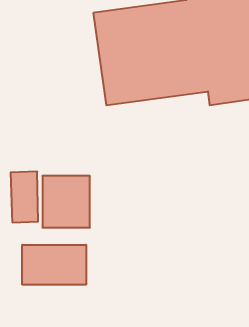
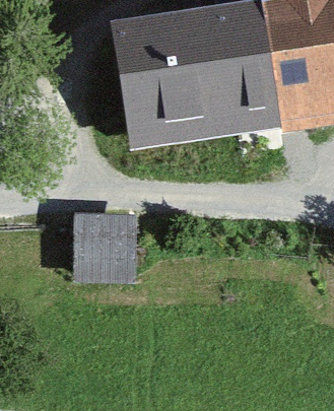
building: [22,245,86,285] -> none

